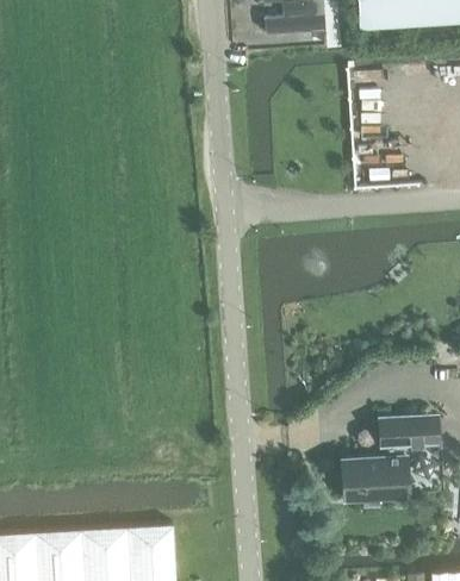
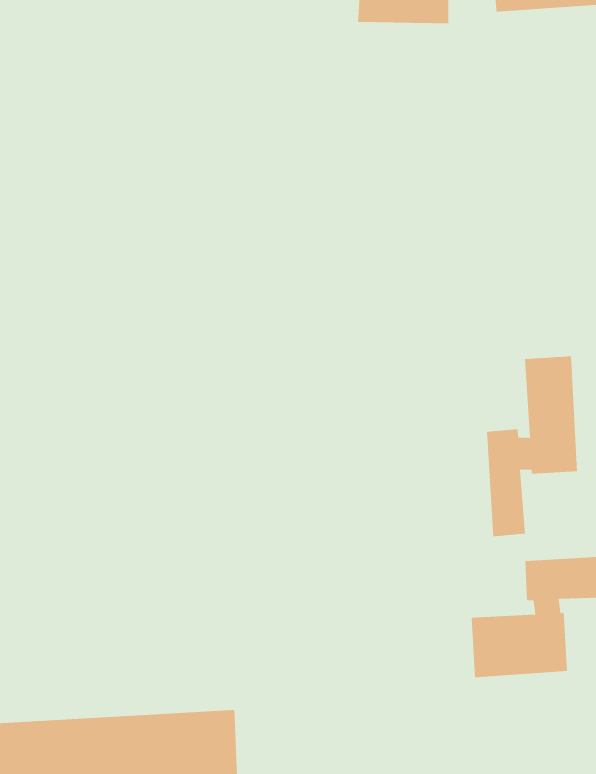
building: none -> [487,355,578,537]

